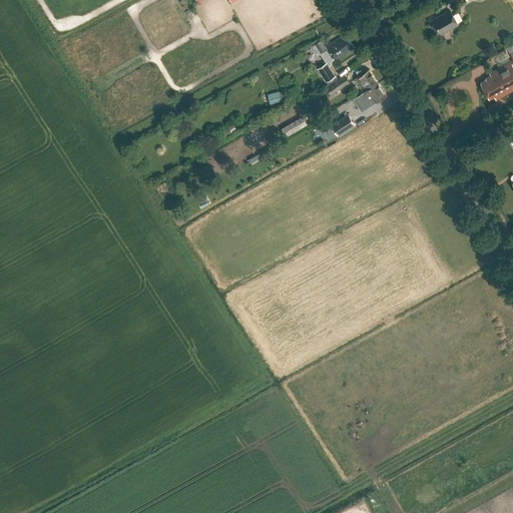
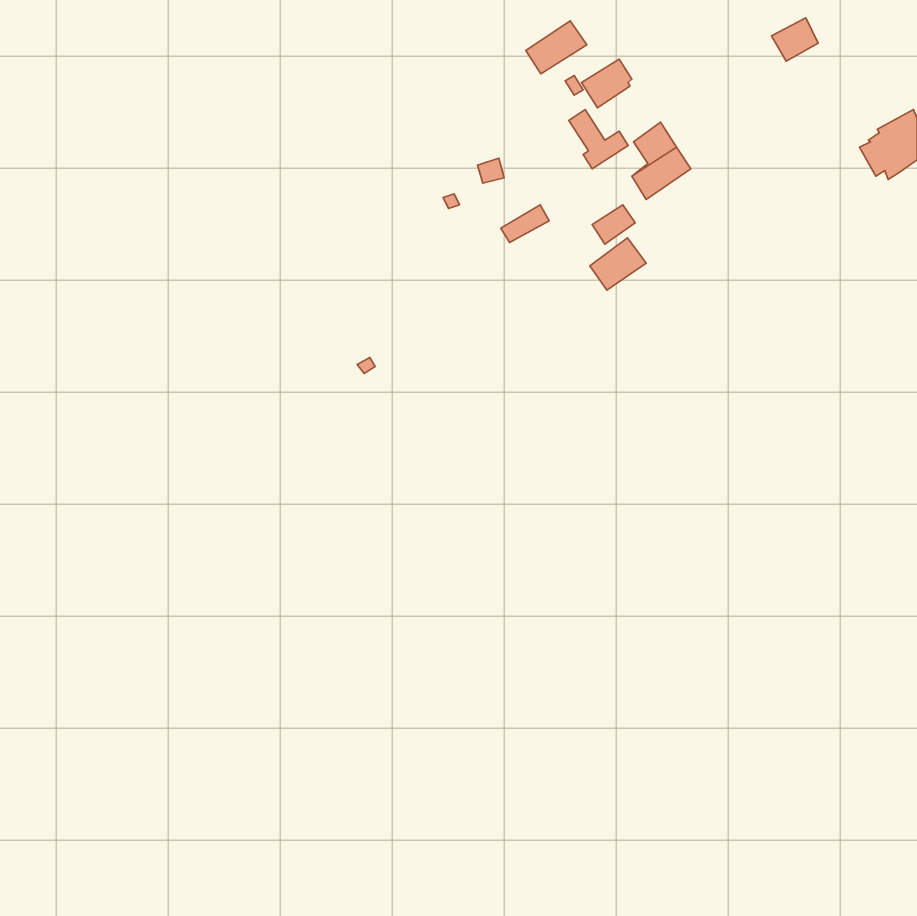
building: none -> [526,21,587,74]
building: none -> [590,238,646,290]

